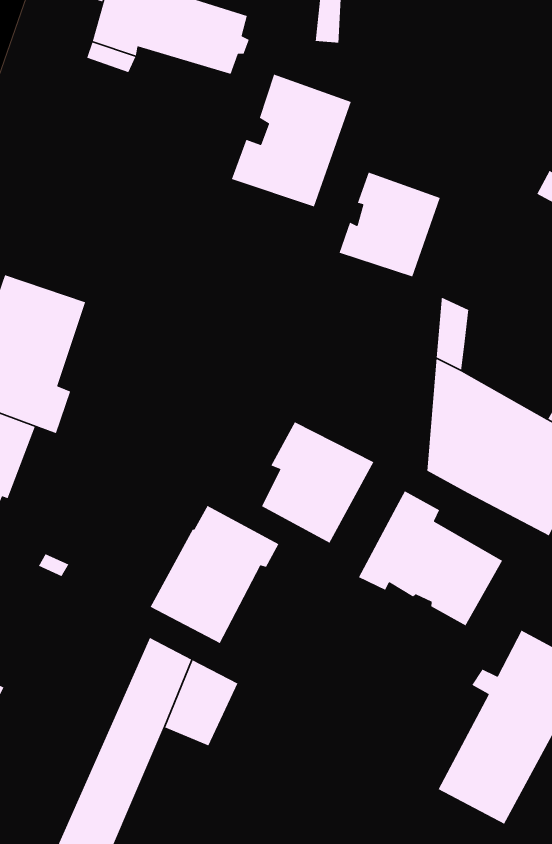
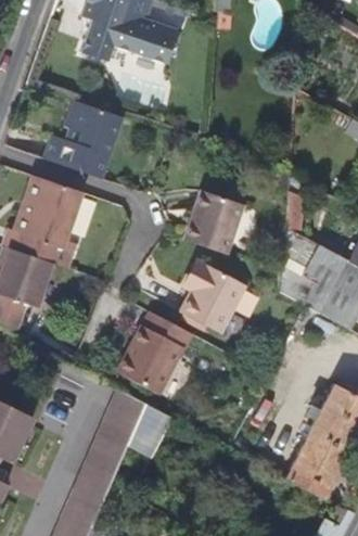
building: [231,74,352,208] -> [42,97,113,175]
building: [338,171,441,277] -> [184,190,244,252]
building: [358,490,503,627] -> none

